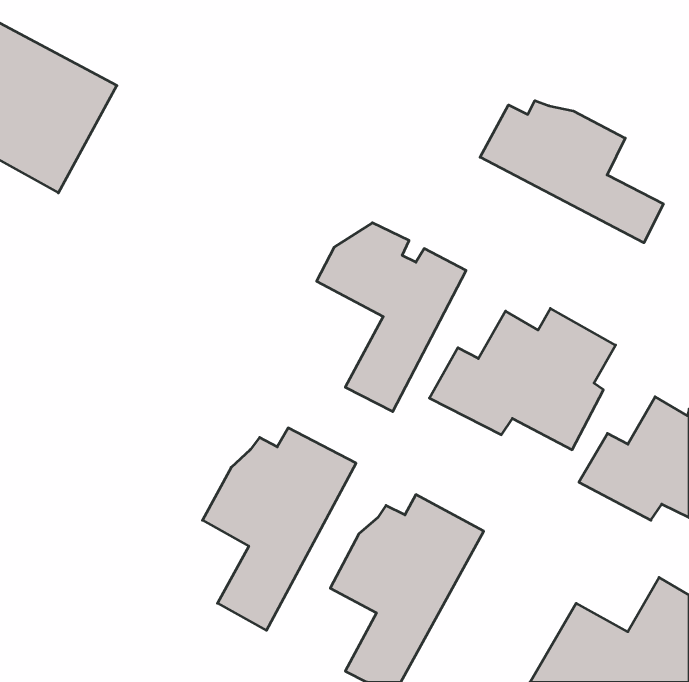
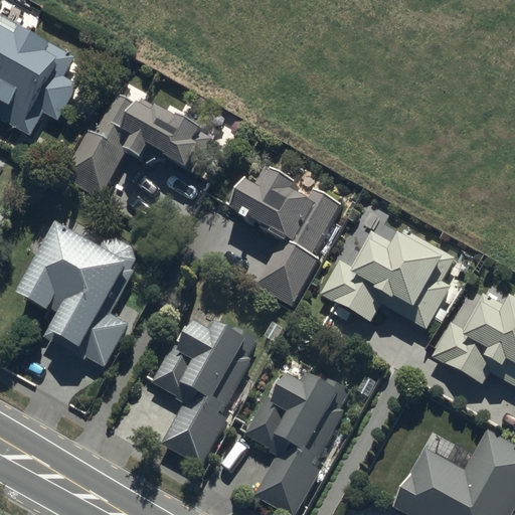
building: [480,101,663,243] -> none
building: none -> [68,83,214,197]
building: none -> [16,228,135,370]

